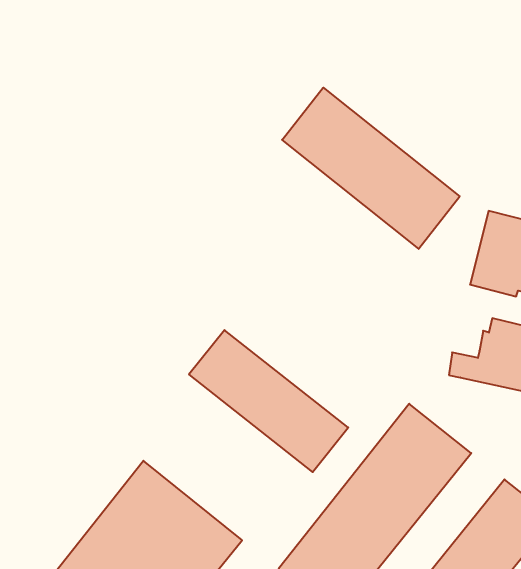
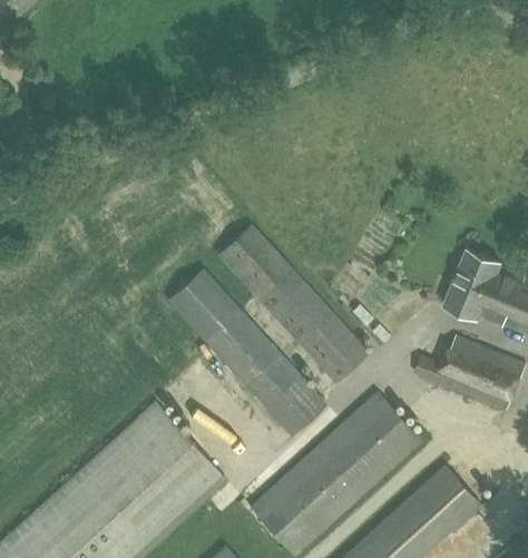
building: [282,88,460,249] -> none
building: none -> [218,224,368,382]
building: none -> [168,268,238,340]

